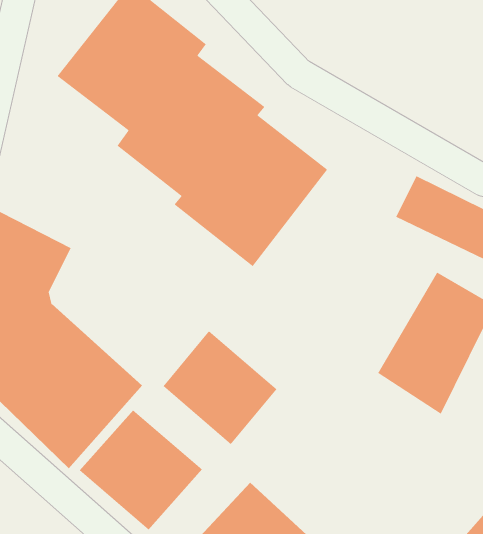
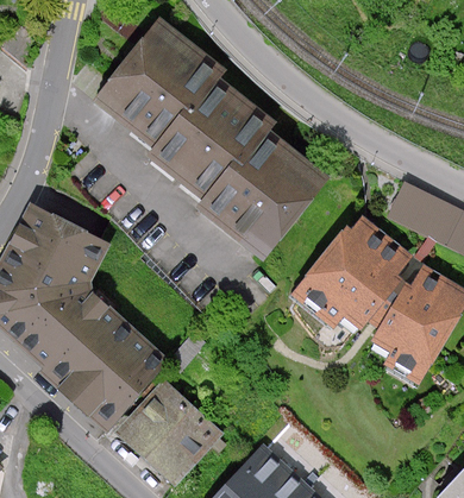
building: none -> [296,215,416,340]
building: [162,330,278,445] -> none

